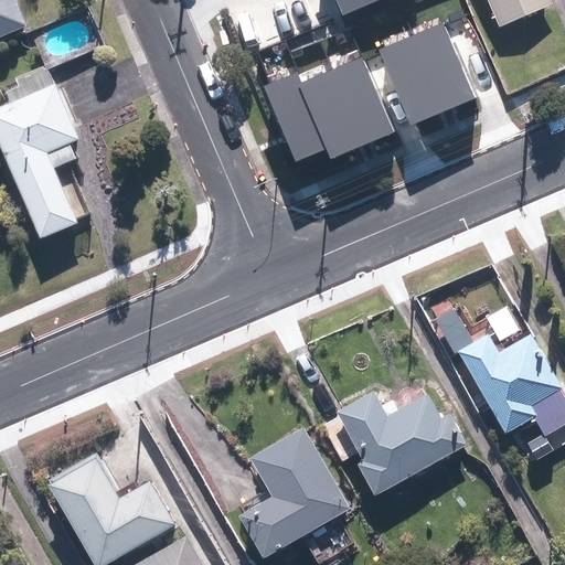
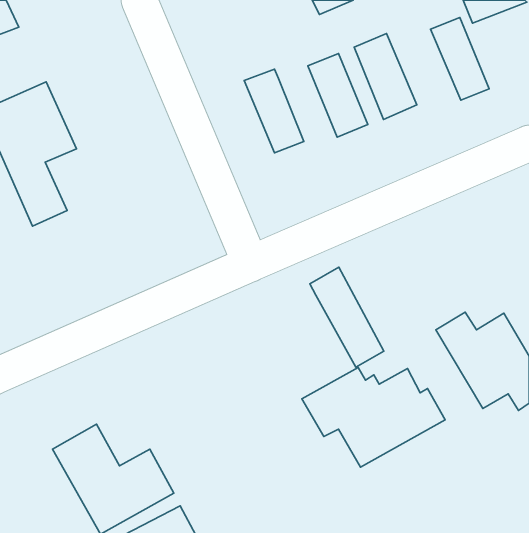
building: [407,25,469,113] -> [430,18,489,100]
building: [294,72,355,160] -> none
building: none -> [310,267,384,367]
building: [245,425,353,555] -> none

